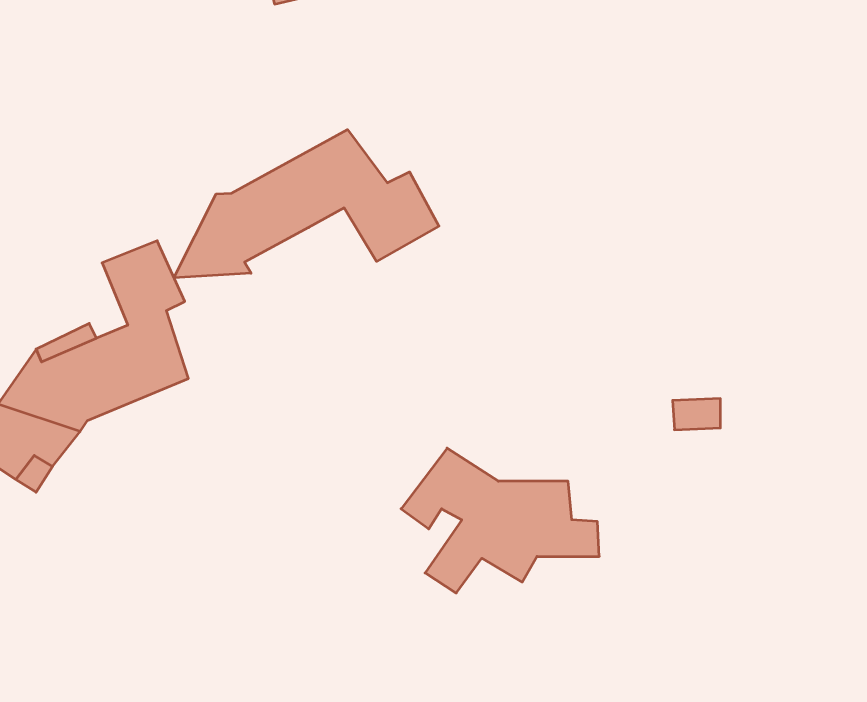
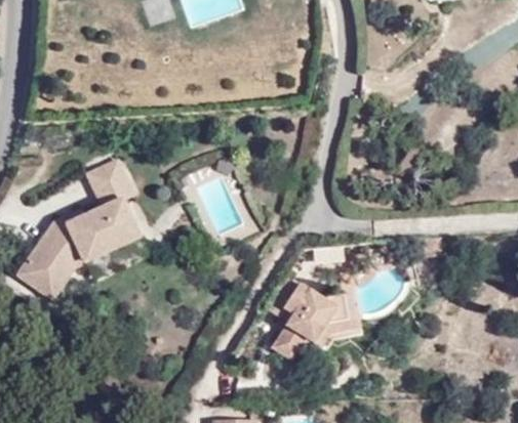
building: [174,130,439,278] -> none

